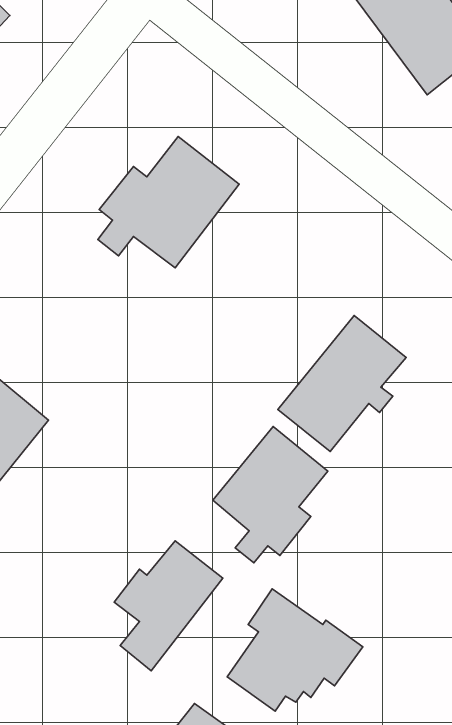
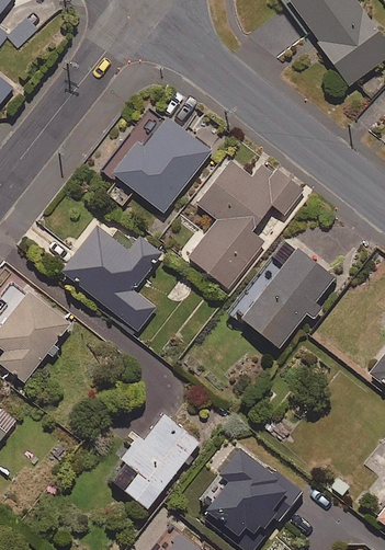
building: none -> [189,160,305,288]
building: none -> [61,224,163,331]
building: [213,427,328,563] -> none

